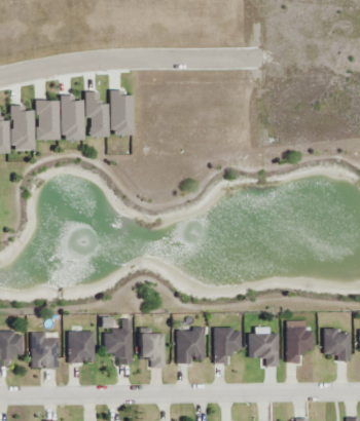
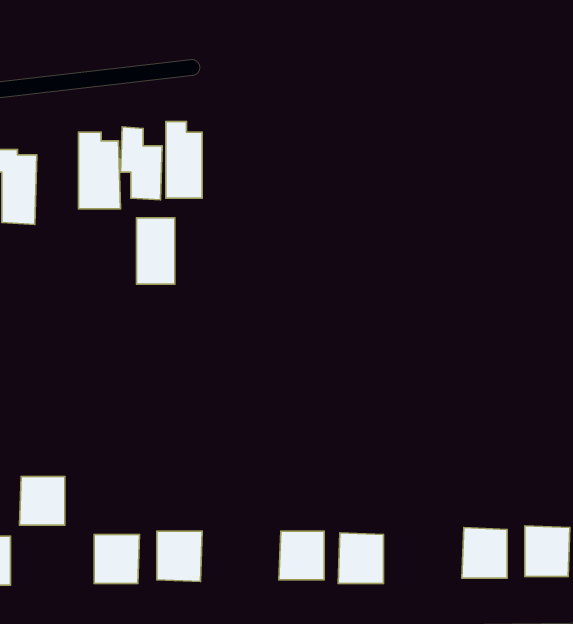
building: [37,102,60,141] -> [136,218,175,284]
building: [142,332,169,361] -> none
building: [249,332,276,361] -> none
building: [32,335,59,363] -> [19,476,65,525]

